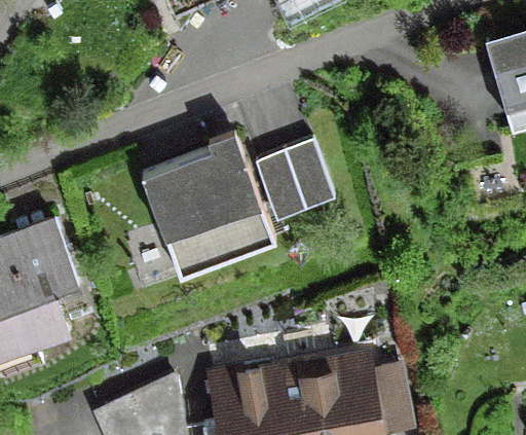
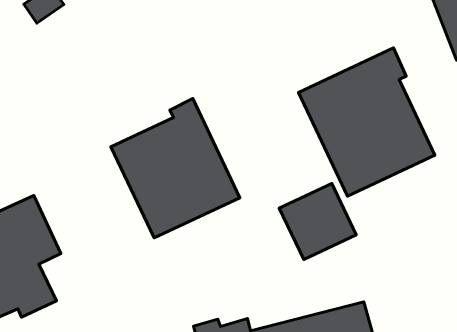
building: none -> [298,48,435,196]
building: [253,139,333,218] -> [279,183,356,260]

